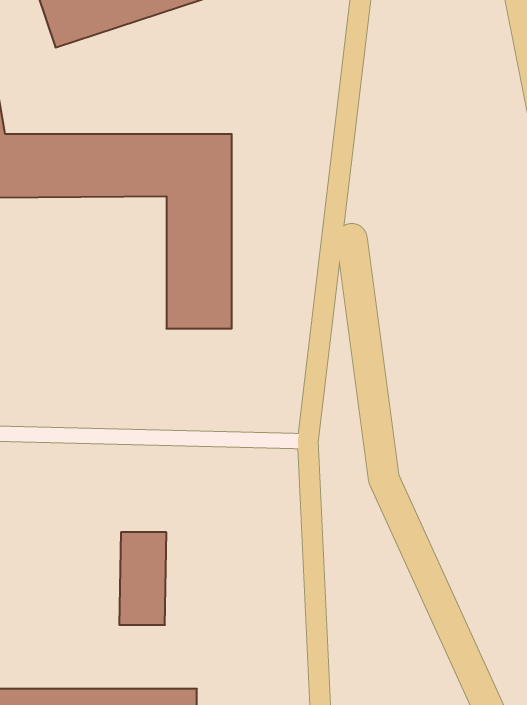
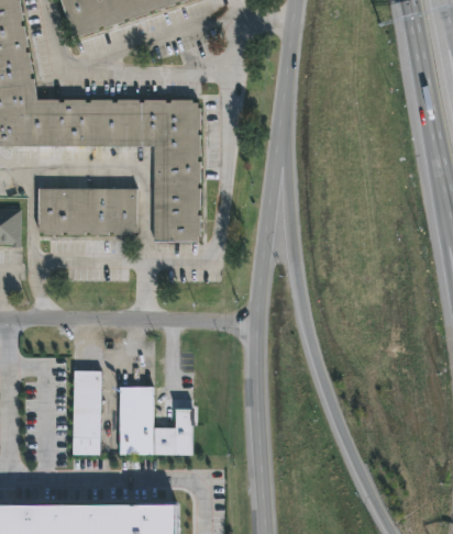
building: none -> [38,190,136,237]
building: none -> [73,374,100,455]
building: none -> [155,411,191,457]

